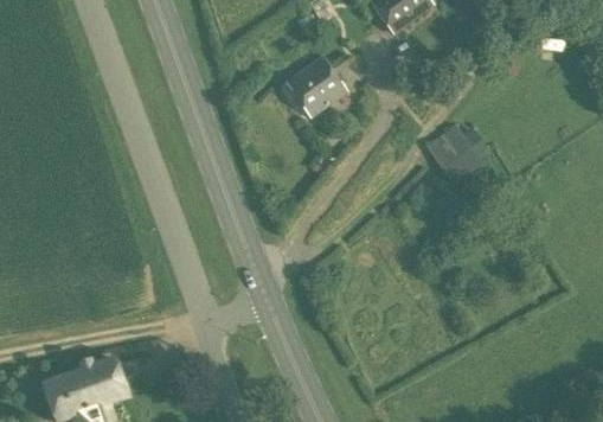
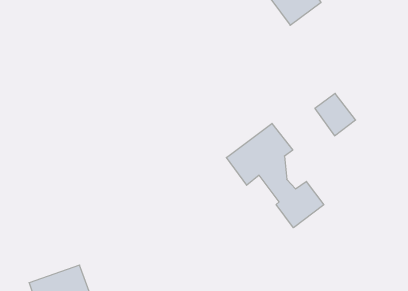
building: [287,56,349,117] -> none
building: none -> [226,123,324,228]

